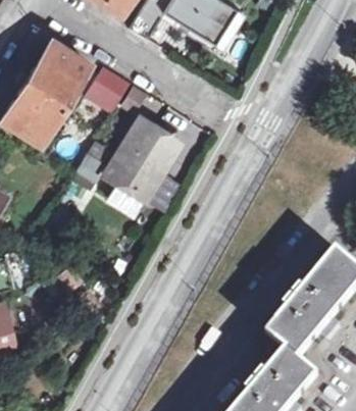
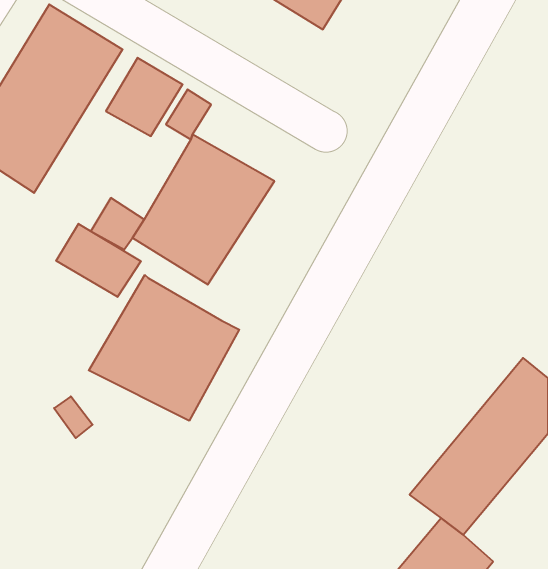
building: none -> [56,224,141,297]
building: none -> [89,275,239,421]

